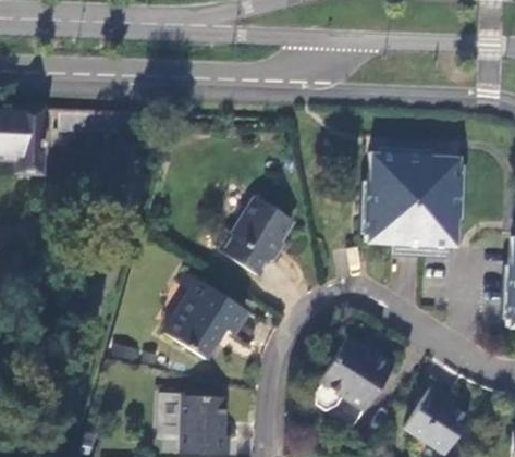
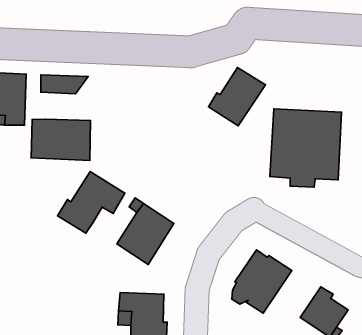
building: none -> [31,119,91,160]
building: [219,197,294,274] -> [209,67,266,126]
building: none -> [57,171,125,233]

